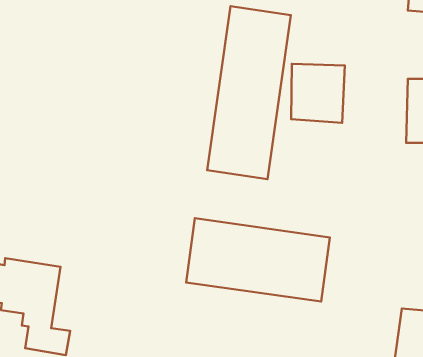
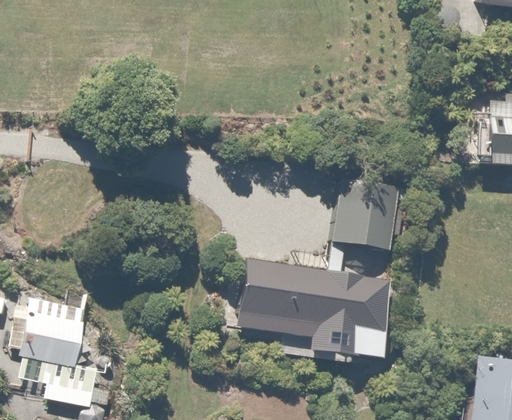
building: [207,6,291,179] -> none
building: [291,64,345,123] -> [335,184,397,252]

